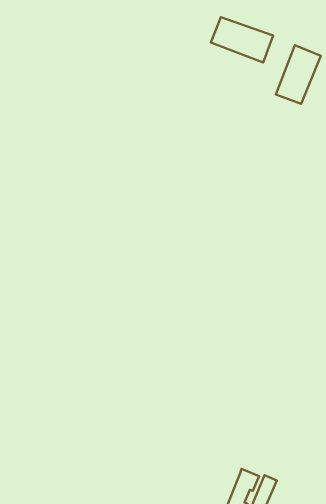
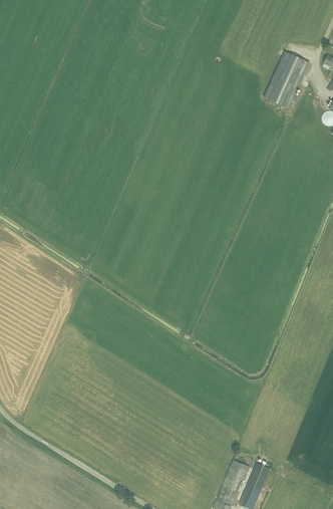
building: [211,17,273,62] -> none

